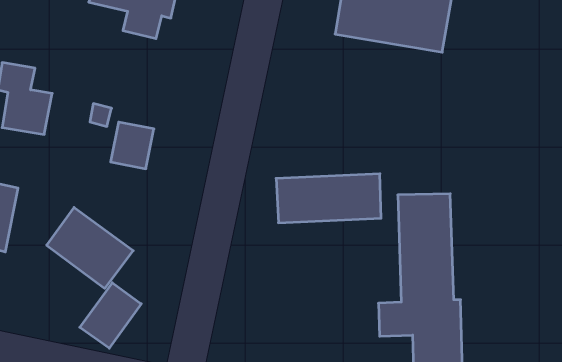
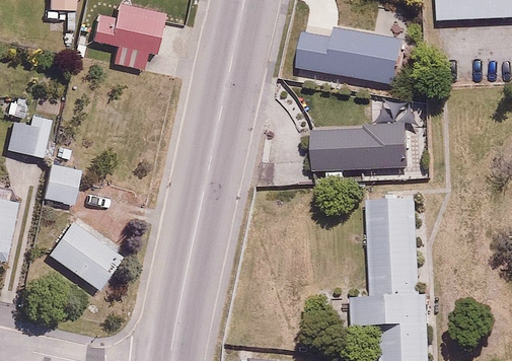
building: [111,122,154,169] -> [45,162,83,204]
building: [276,174,381,223] -> [313,126,407,169]
building: [80,283,141,348] -> none

